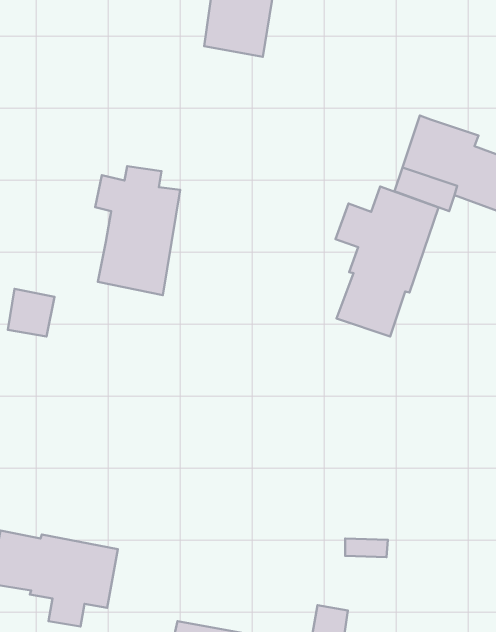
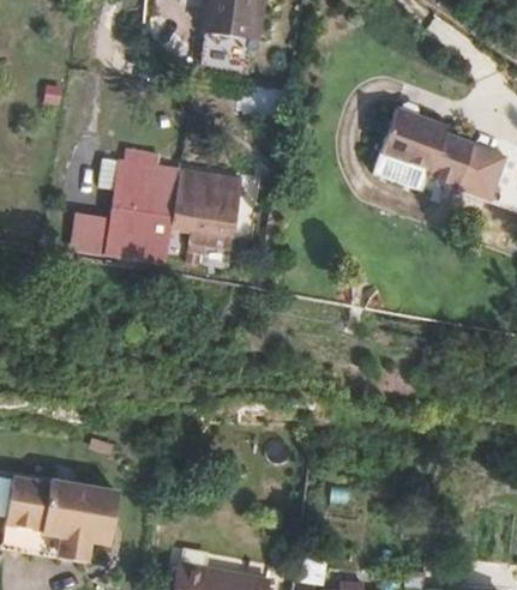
building: [336,187,438,337] -> none
building: none -> [164,171,241,273]
building: [8,289,54,337] -> [71,211,113,254]

